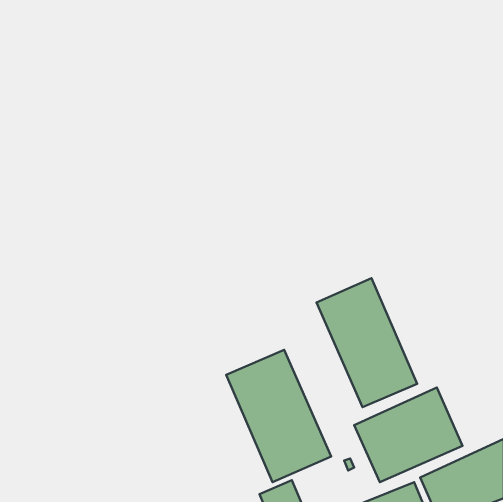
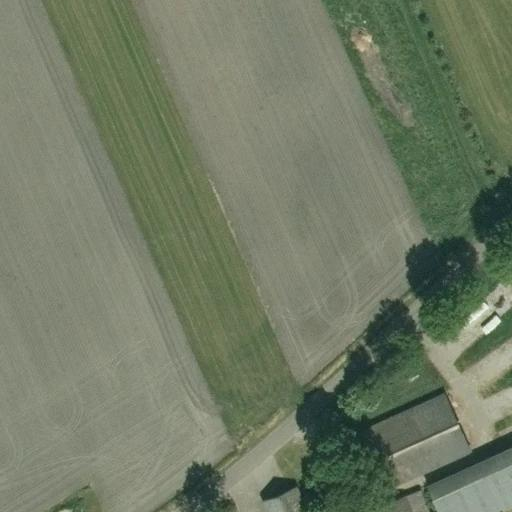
building: [316,278,417,407] -> none
building: [226,350,331,482] -> none

